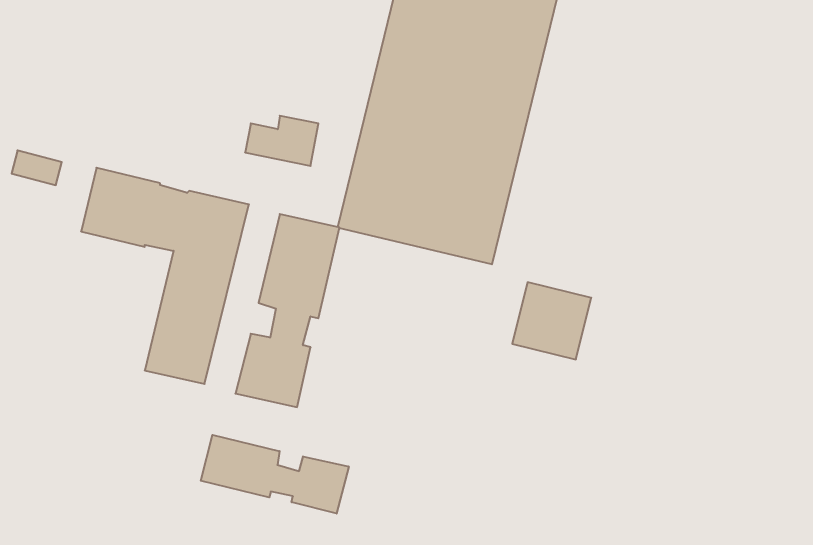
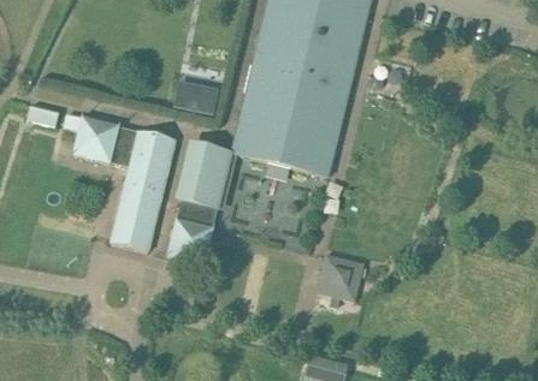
building: [512,282,591,359] -> [315,254,365,302]
building: [201,435,349,514] -> none

